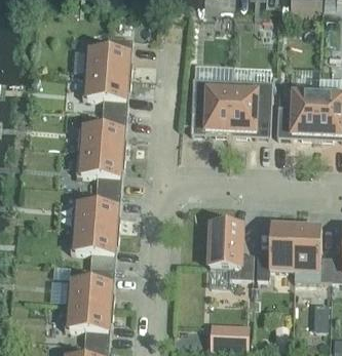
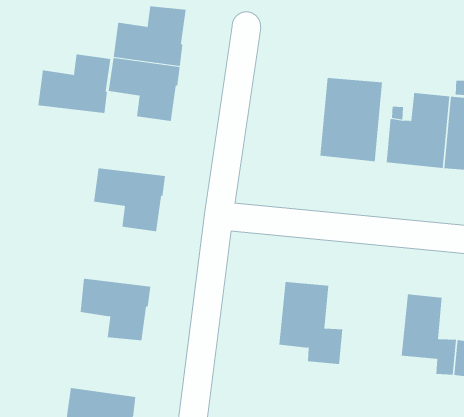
building: [191,77,233,133] -> none
building: [78,113,127,153] -> [37,54,111,113]
building: [72,190,121,230] -> none
building: [257,225,297,278] -> none
building: [67,267,115,307] -> none

